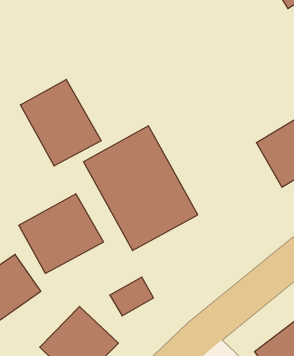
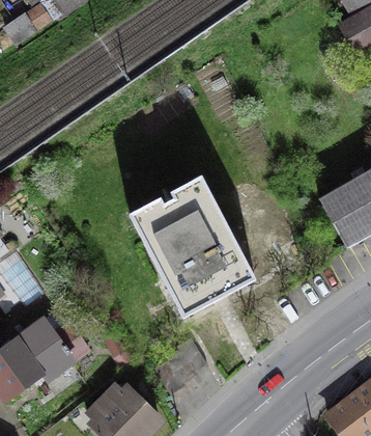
building: [20,79,101,166] -> none
building: [19,194,103,273] -> none

